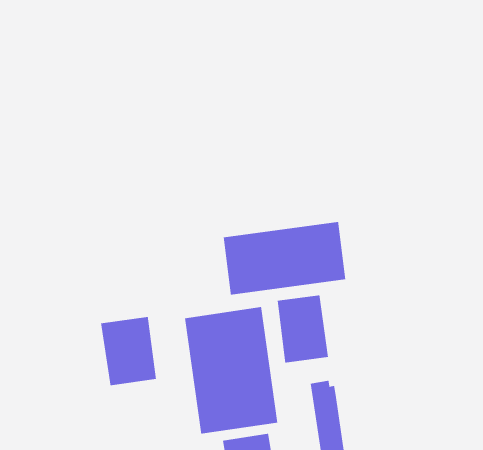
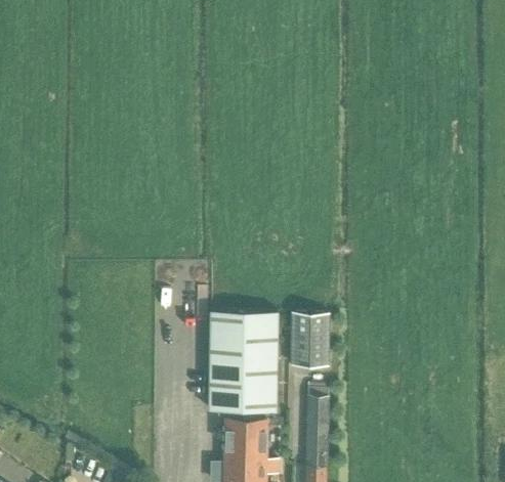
building: [223,221,346,295] -> none
building: [101,316,157,386] -> none

